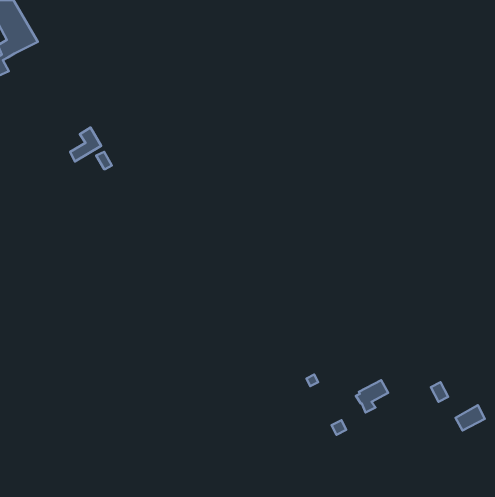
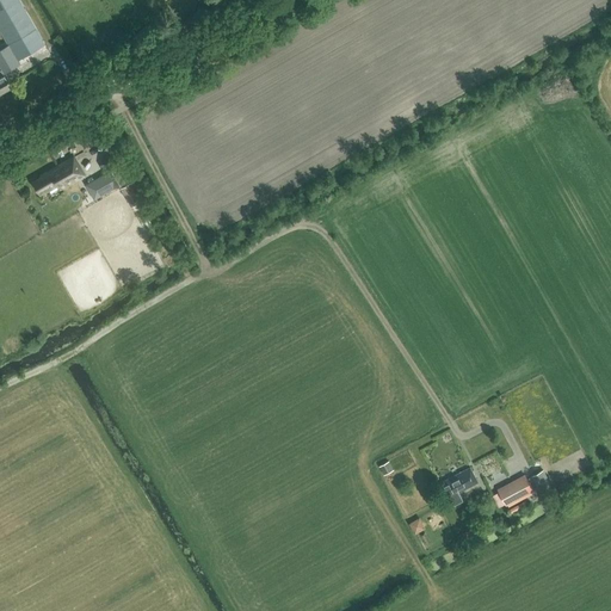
building: none -> [32,158,81,193]
building: [456,405,485,430] -> [494,474,530,505]

